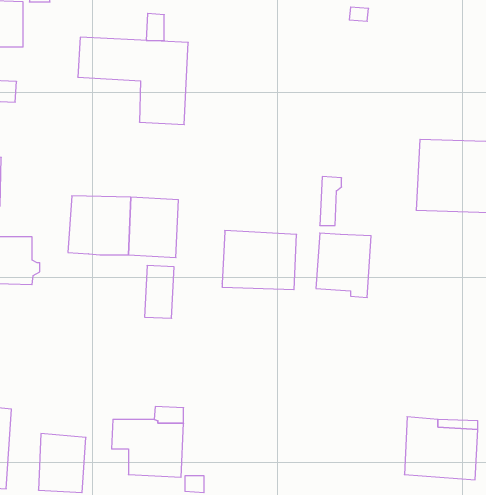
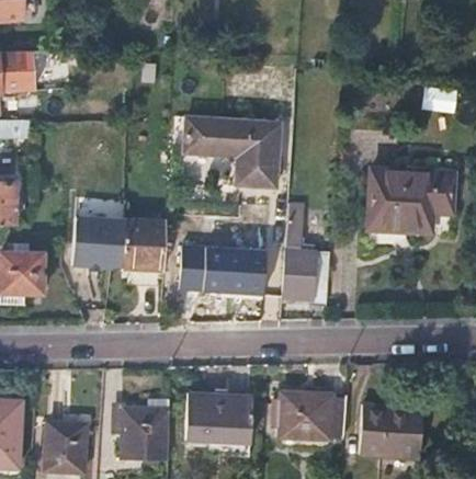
building: [78,37,188,125] -> [184,113,279,187]
building: [145,266,174,318] -> [180,248,205,293]
building: none -> [280,392,347,438]
building: none -> [184,395,251,441]

